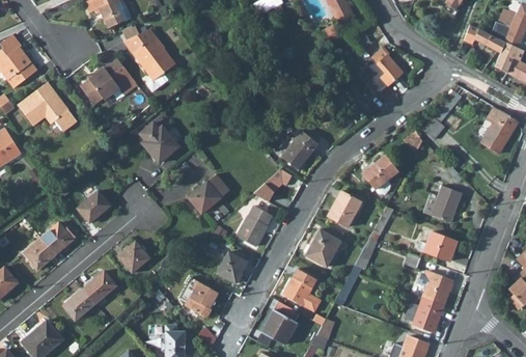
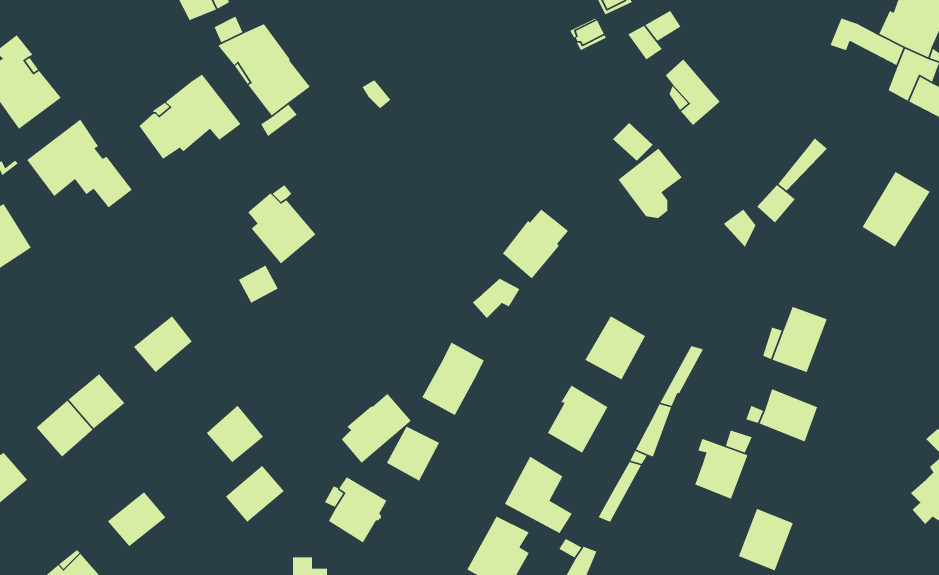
building: [362,156,398,195] -> [617,148,683,219]
building: [190,174,229,214] -> [341,393,412,464]
building: [83,271,116,303] -> [225,465,285,523]
building: [422,272,452,306] -> [694,438,748,500]

